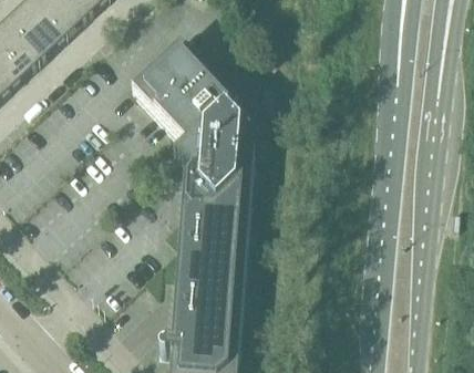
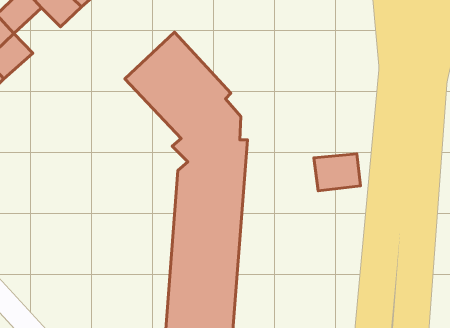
building: [19,15,65,61] -> none
building: none -> [314,154,360,191]

